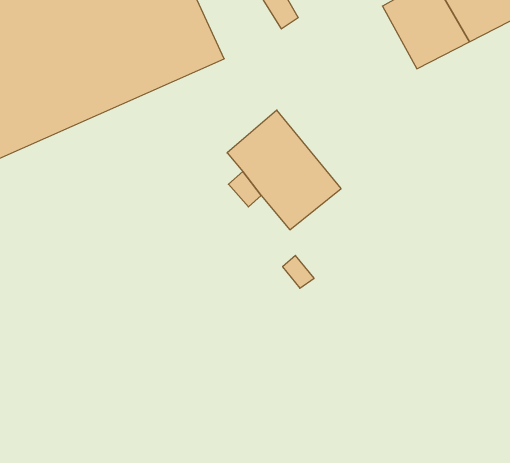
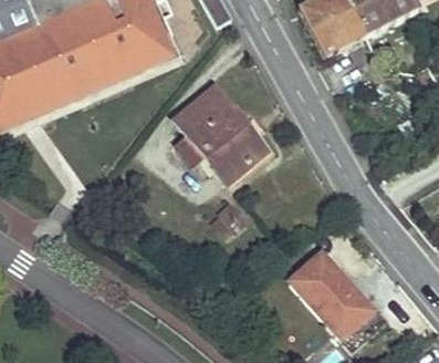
building: none -> [291,252,384,349]

